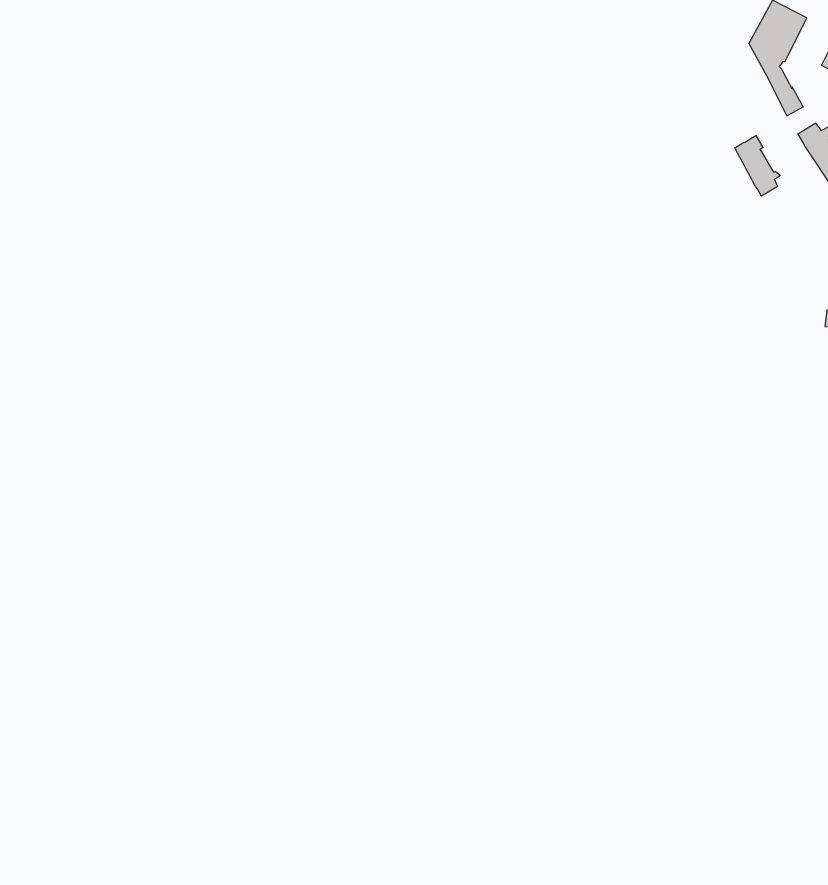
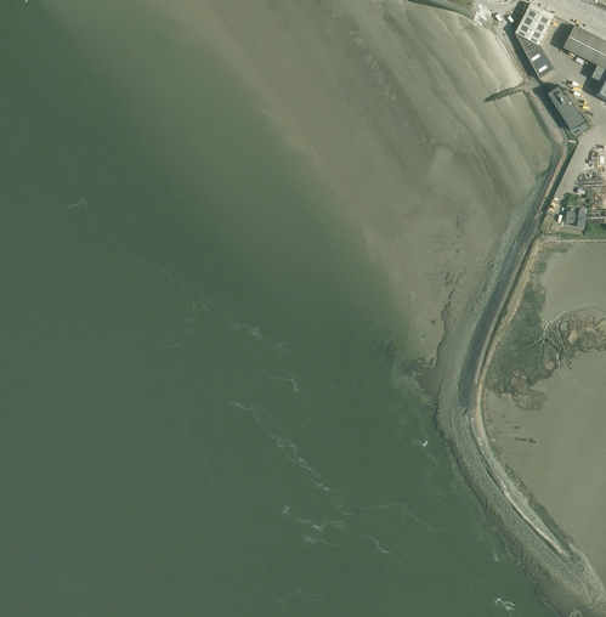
building: [735,135,780,196] -> none

